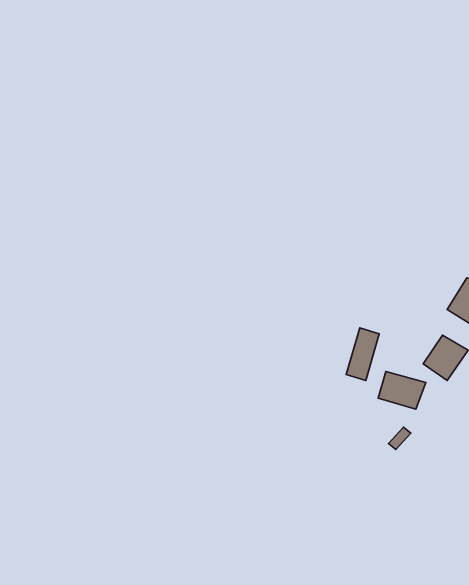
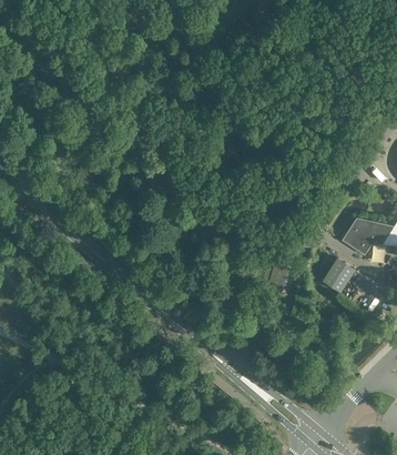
building: [378,371,426,409] -> none

